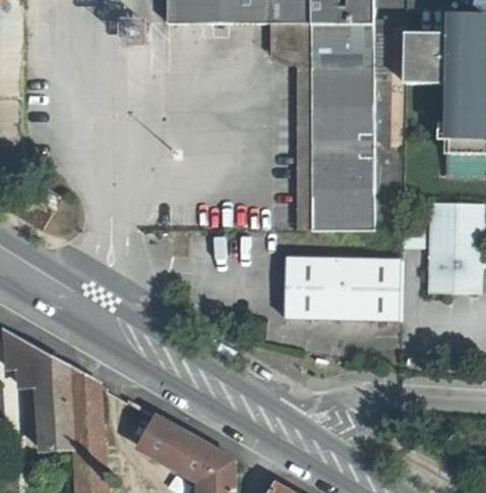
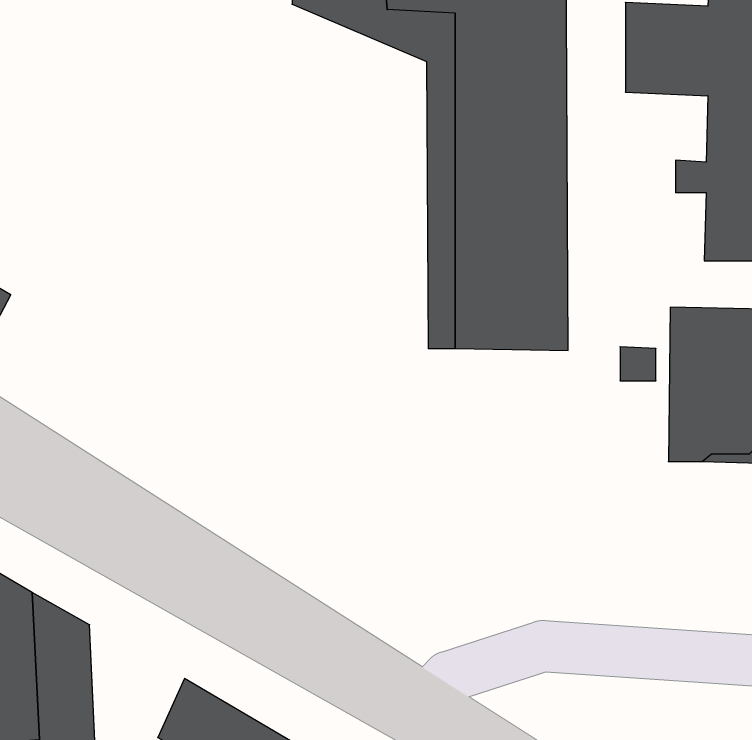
building: [285,256,400,319] -> none

